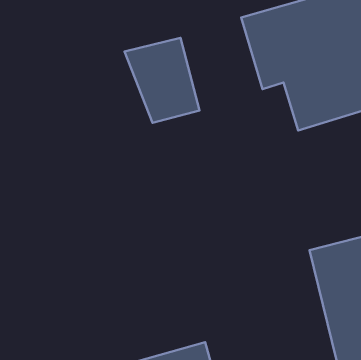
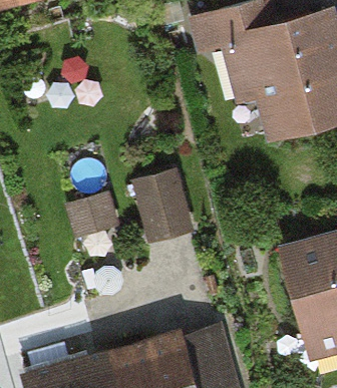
building: [125,38,200,123] -> [130,173,198,250]

